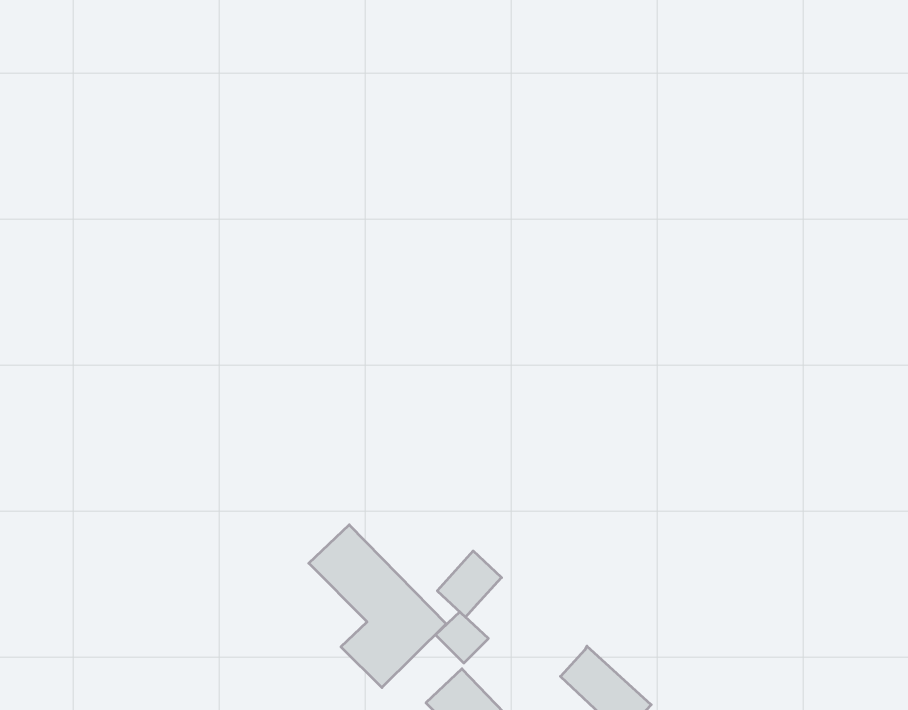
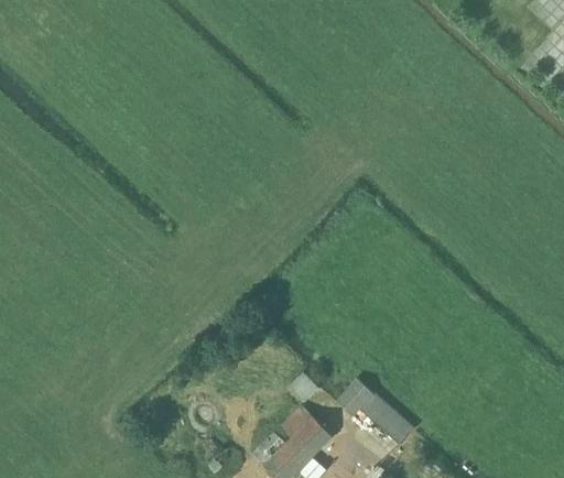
building: [309,525,446,688] -> none
building: [437,551,502,617] -> [336,379,373,417]

